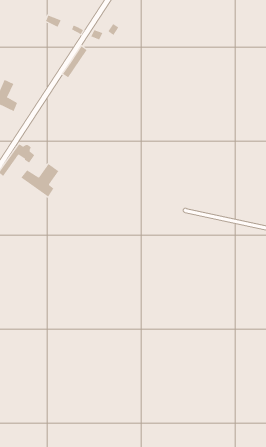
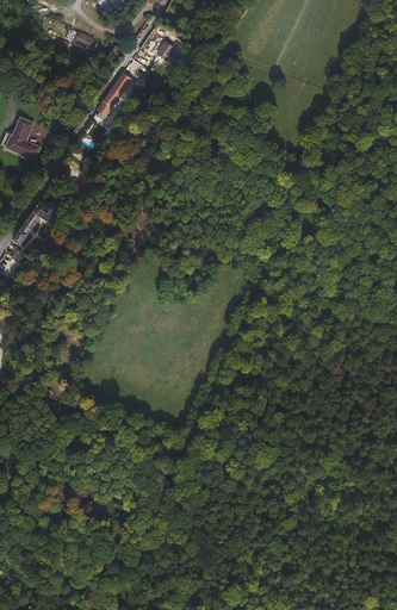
building: [20,163,59,198] -> none

